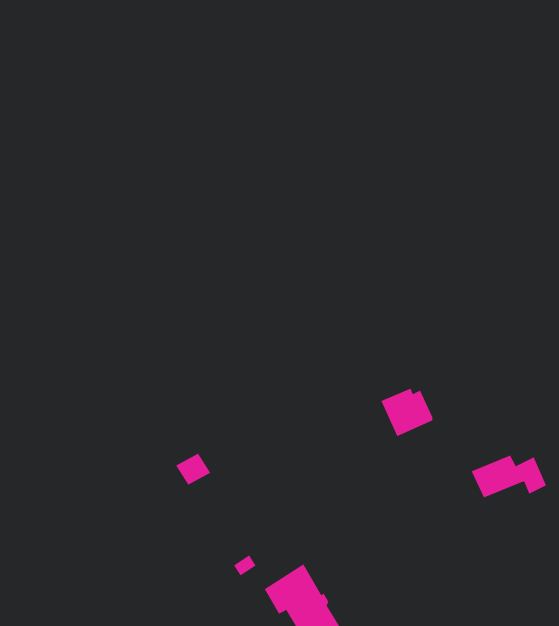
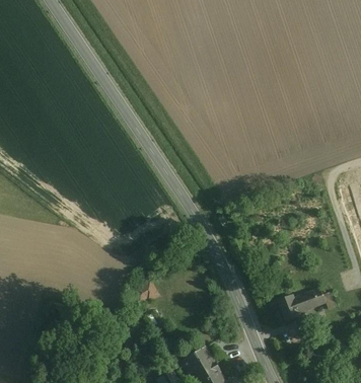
building: [380,388,433,437] -> [279,293,308,320]

